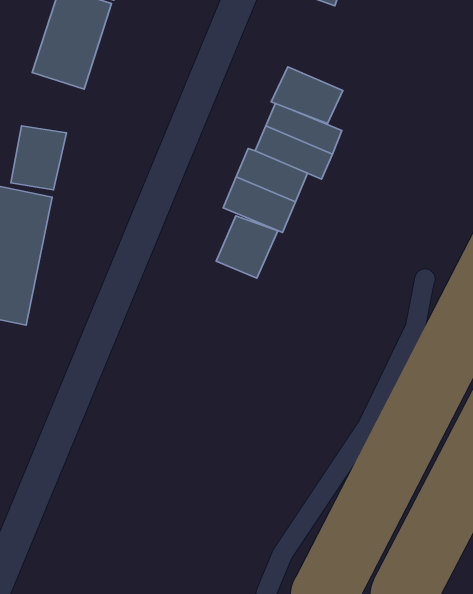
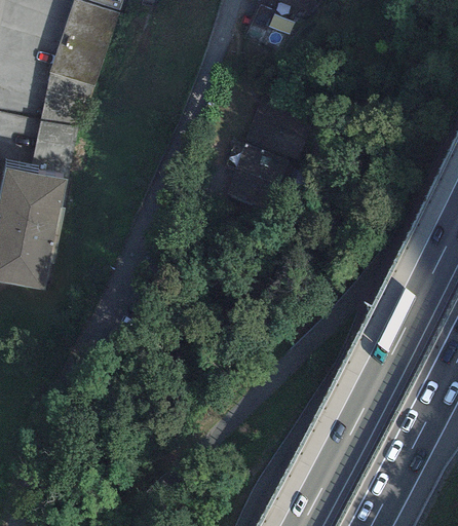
building: [271,67,343,124] -> none
building: none -> [41,70,96,122]
building: [216,216,278,278] -> none

